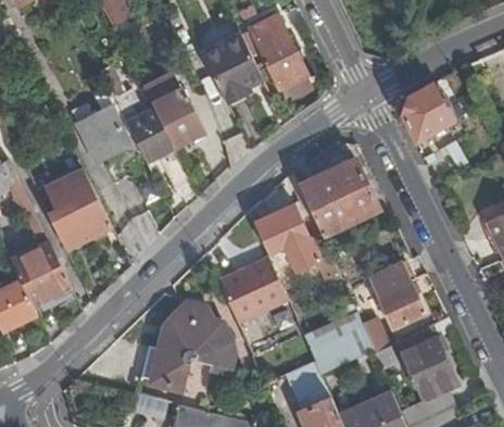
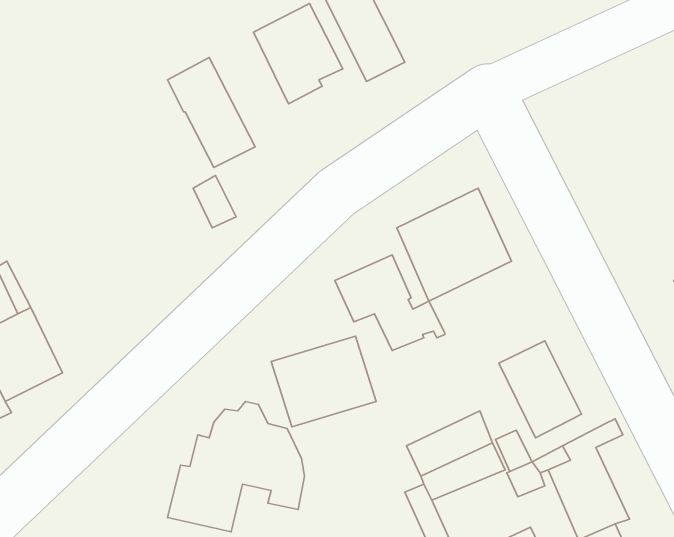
building: [401,85,453,141] -> none
building: [112,88,174,161] -> none
building: [74,104,129,162] -> none
building: [43,168,111,249] -> none

